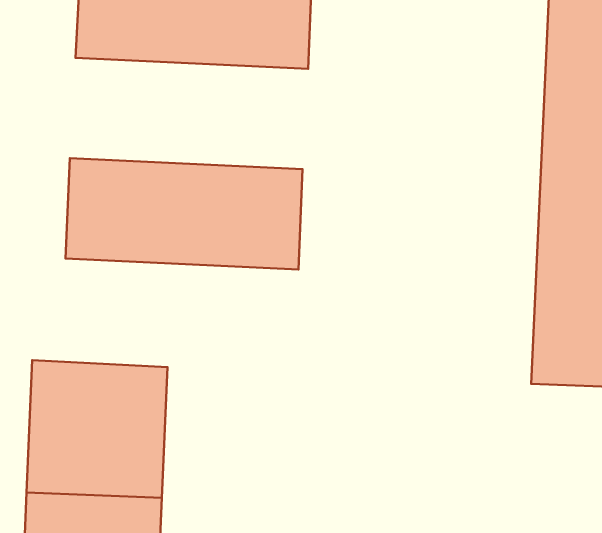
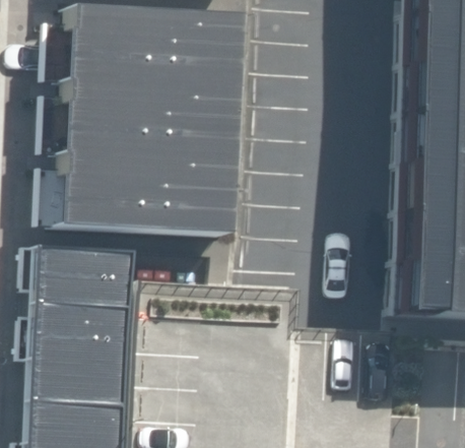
building: none -> [63,80,237,162]
building: none -> [36,243,137,306]

